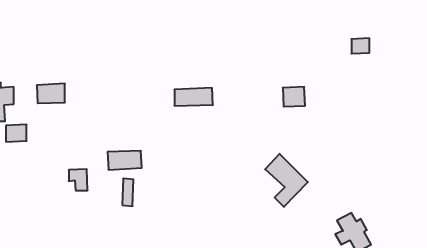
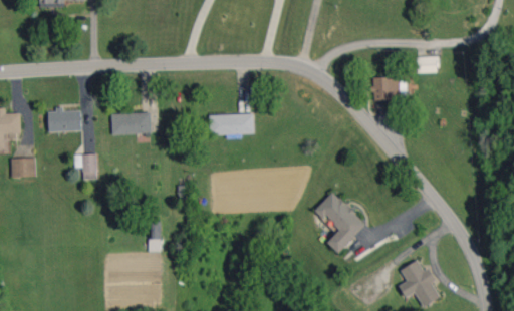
building: [283,87,305,107] -> [372,76,399,99]
building: [108,151,142,170] -> [110,112,151,134]
building: [69,169,88,190] -> [74,153,96,179]

